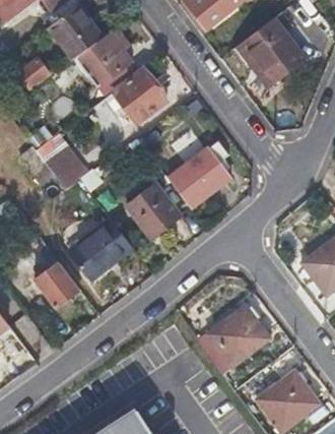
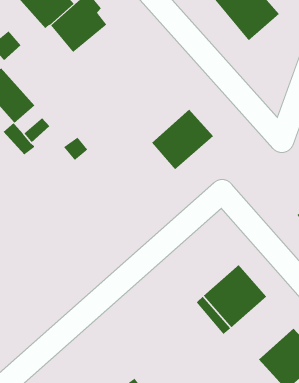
building: [112,69,165,123] -> none
building: [127,185,179,238] -> none
building: [67,219,132,283] -> none
building: [32,249,78,309] -> none

